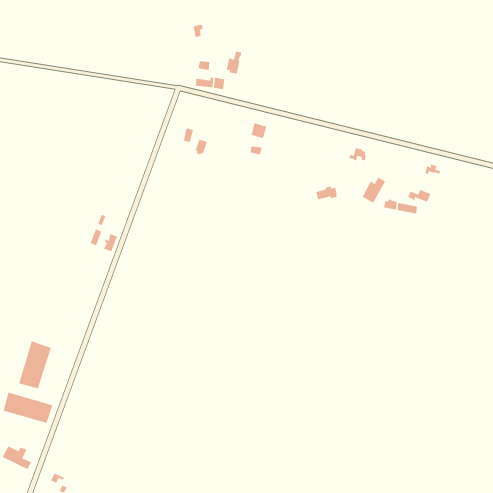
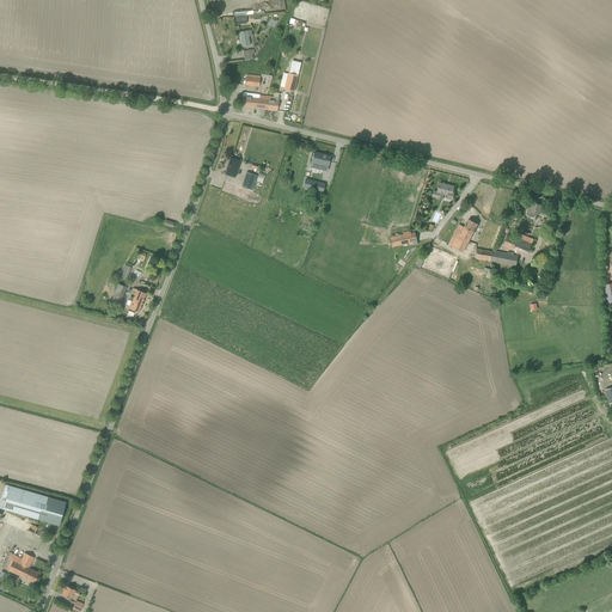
building: [19,341,51,389] -> none

